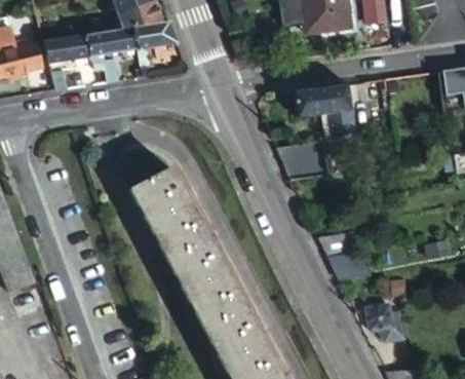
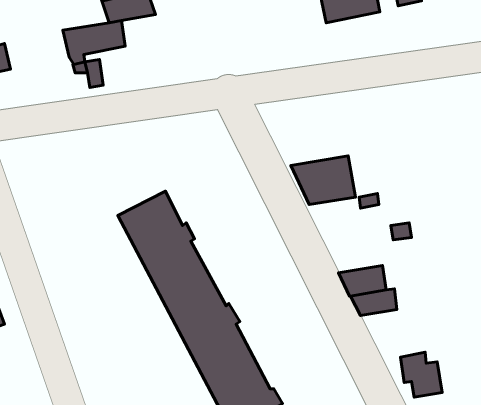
building: [133,17,177,46] -> none
building: [42,33,89,88] -> none
building: [293,83,355,139] -> none

